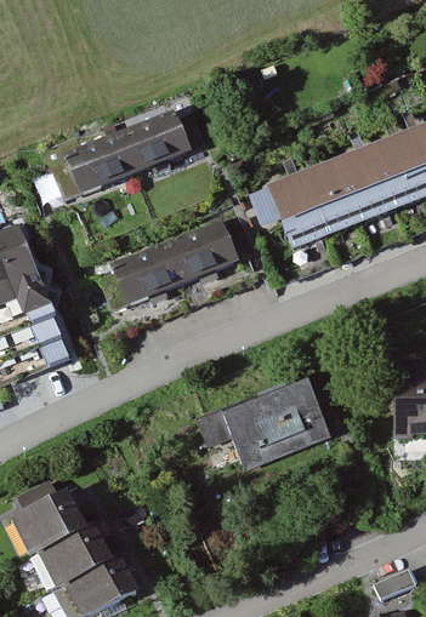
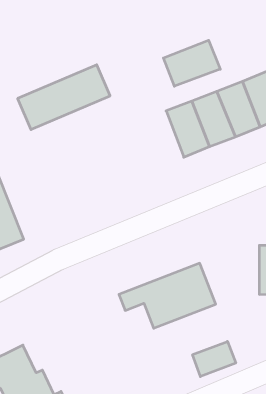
building: none -> [163,40,220,86]
building: [113,224,238,307] -> none
building: none -> [193,341,236,377]

